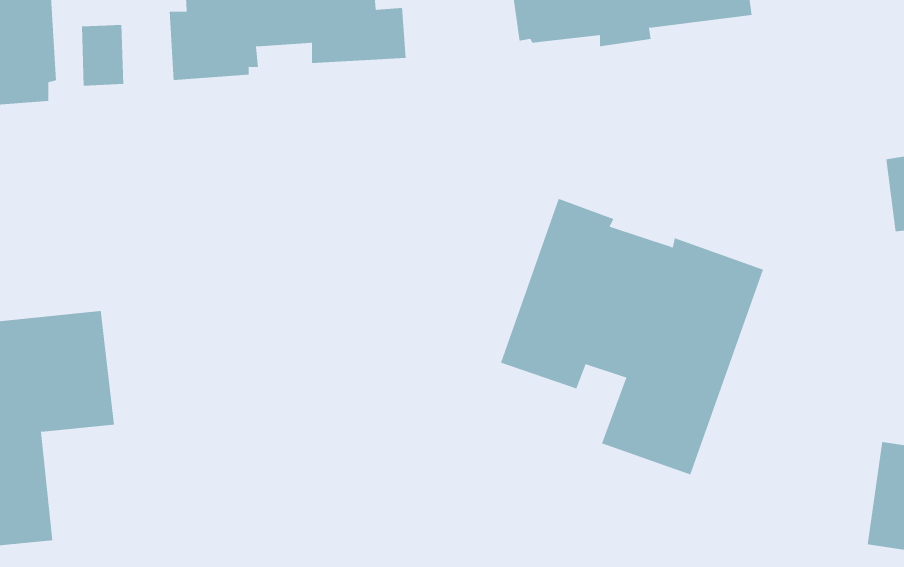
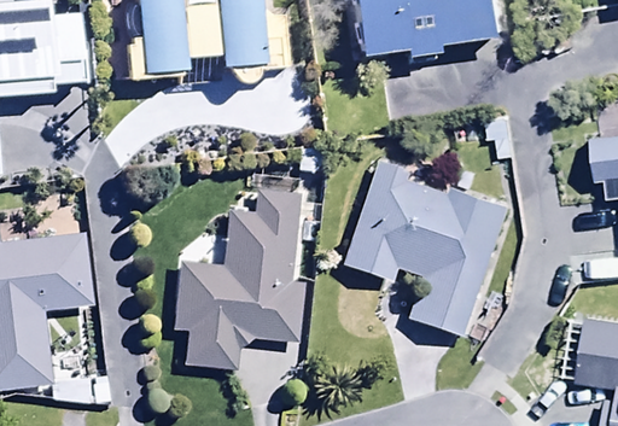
building: none -> [170,187,303,368]

